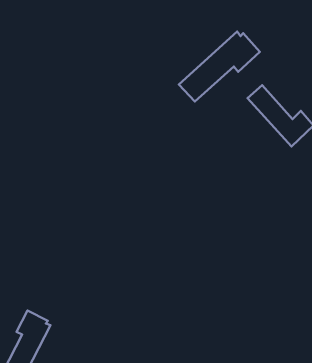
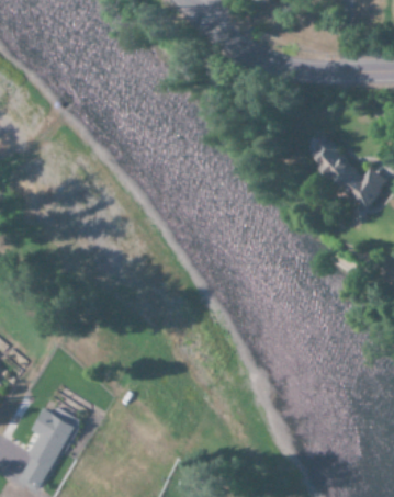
building: [179,32,260,101] -> none

